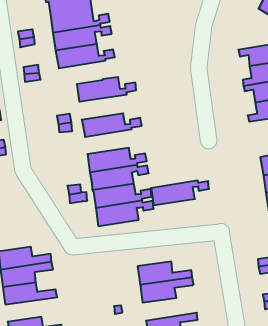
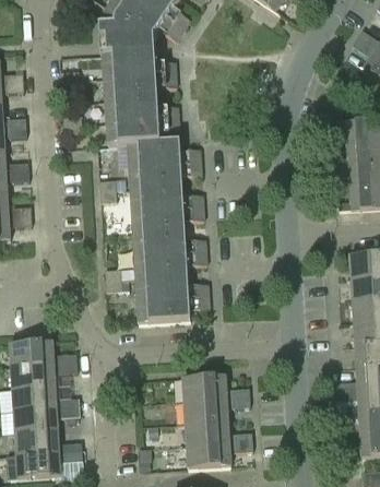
building: none -> [107,118,179,146]
building: none -> [129,163,202,189]
building: [151,180,209,205] -> [132,206,204,233]
building: none -> [14,407,80,432]
building: none -> [186,421,252,447]

